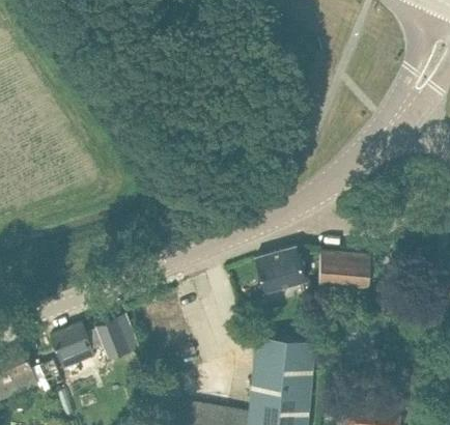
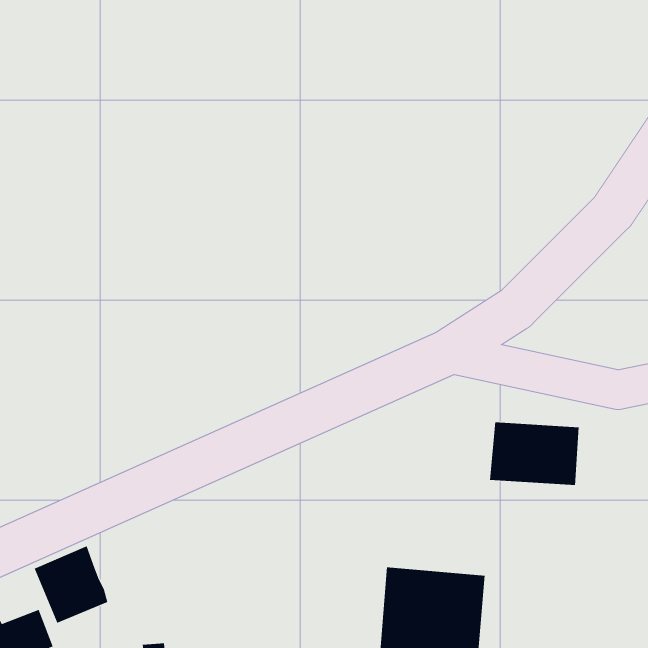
building: [255,248,306,293] -> none
building: [86,320,128,358] -> none

